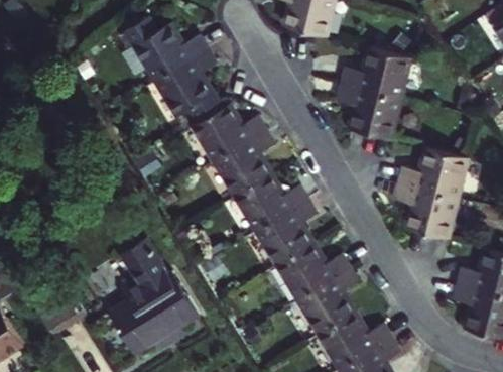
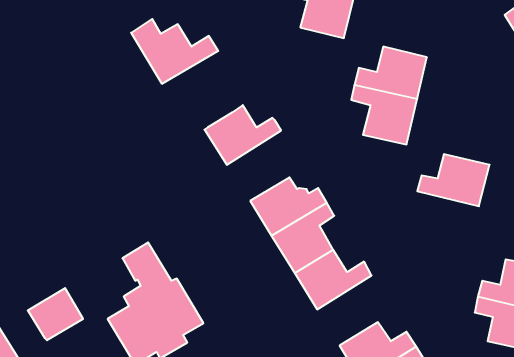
building: [155,54,222,127] -> none
building: [217,130,276,197] -> none
building: [394,188,456,243] -> none
building: [302,267,362,334] -> none

